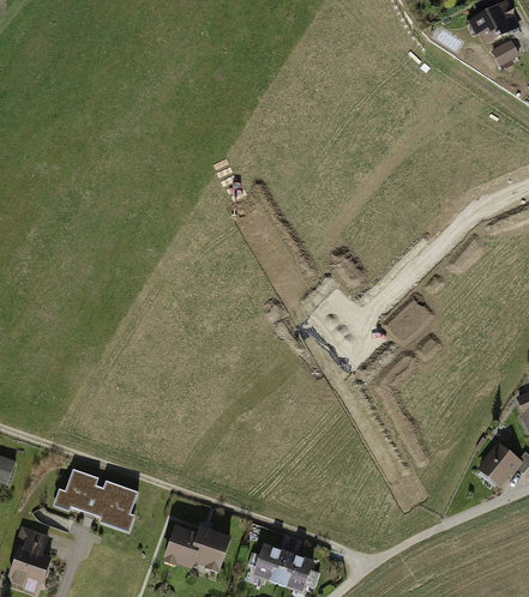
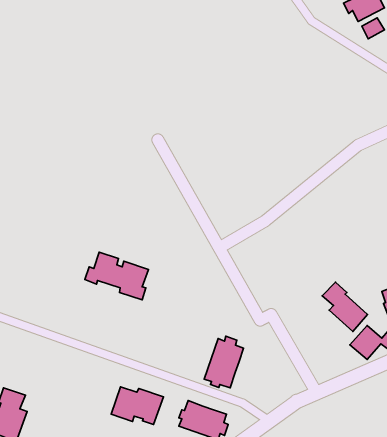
building: none -> [322,282,367,332]
building: none -> [204,336,244,388]
building: [54,470,138,532] -> [85,252,149,300]

